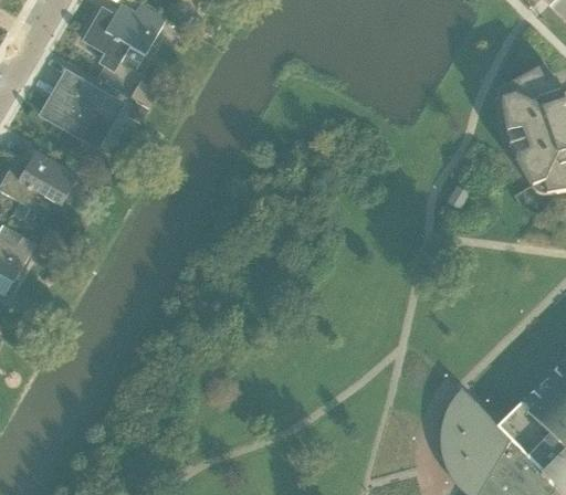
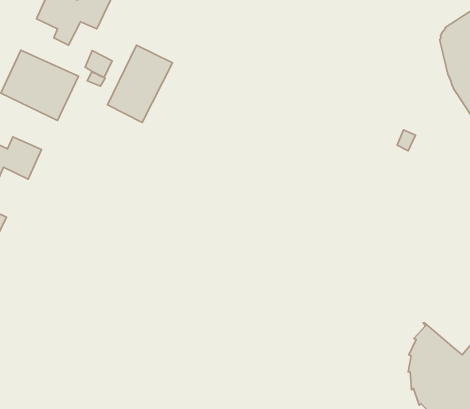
building: none -> [108,45,172,122]

